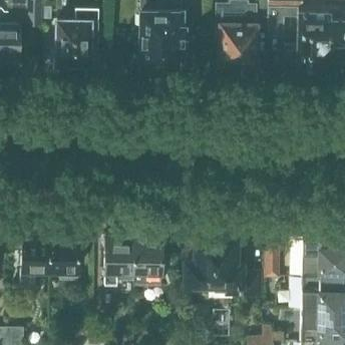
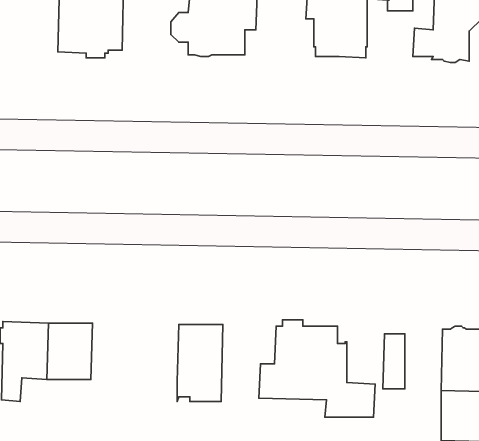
building: [103,238,134,287] -> none

